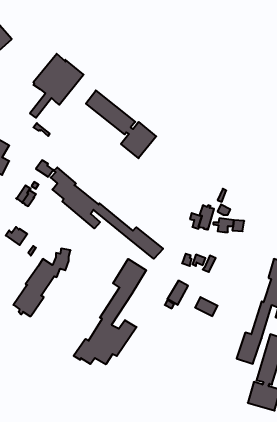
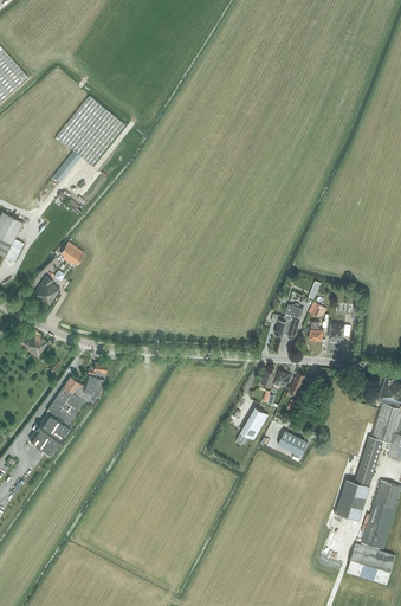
building: [86,90,156,158] -> none
building: [51,167,163,259] -> none
building: [74,259,146,364] -> none

